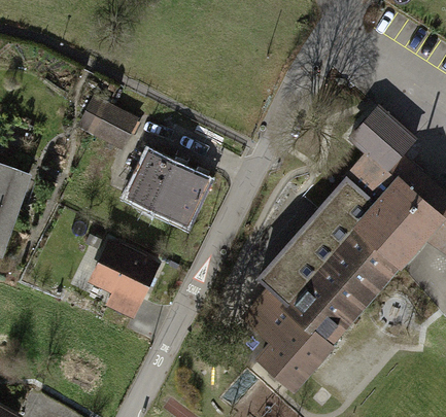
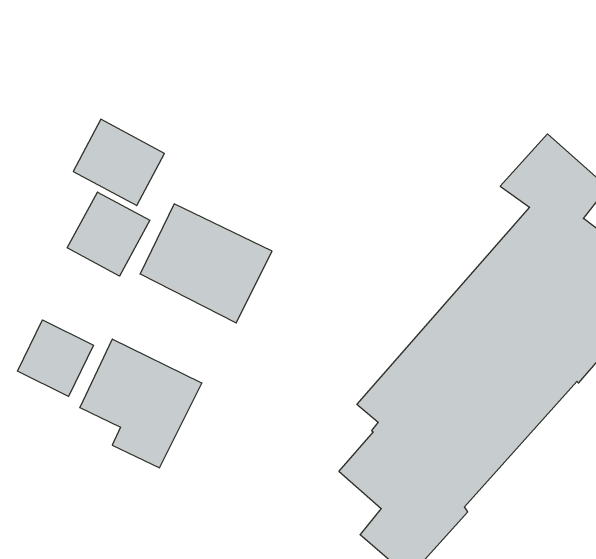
building: none -> [67,192,150,276]
building: none -> [17,320,94,396]

